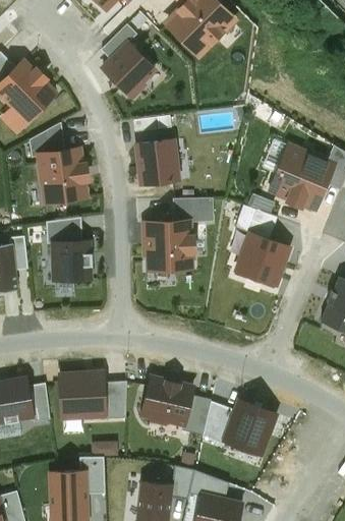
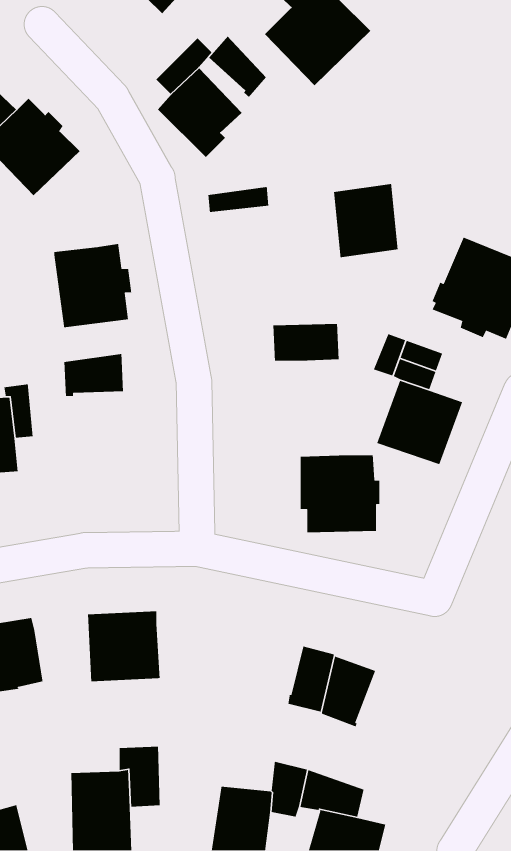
building: none -> [208,35,267,98]
building: [30,122,66,158] -> none
building: [137,139,177,185] -> [333,183,398,258]
building: [145,222,193,270] -> [300,455,380,533]
building: [52,240,93,281] -> none
building: [142,378,193,424] -> none
building: [103,381,126,419] -> none
building: [28,384,51,422] -> none
building: [224,400,276,455] -> none

